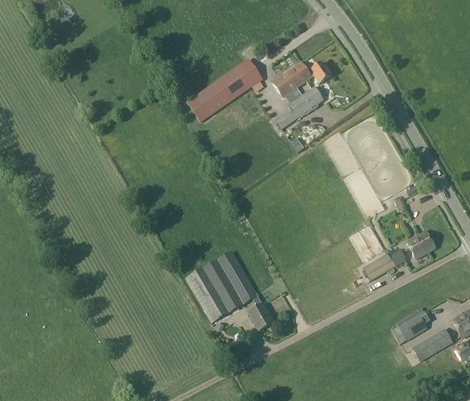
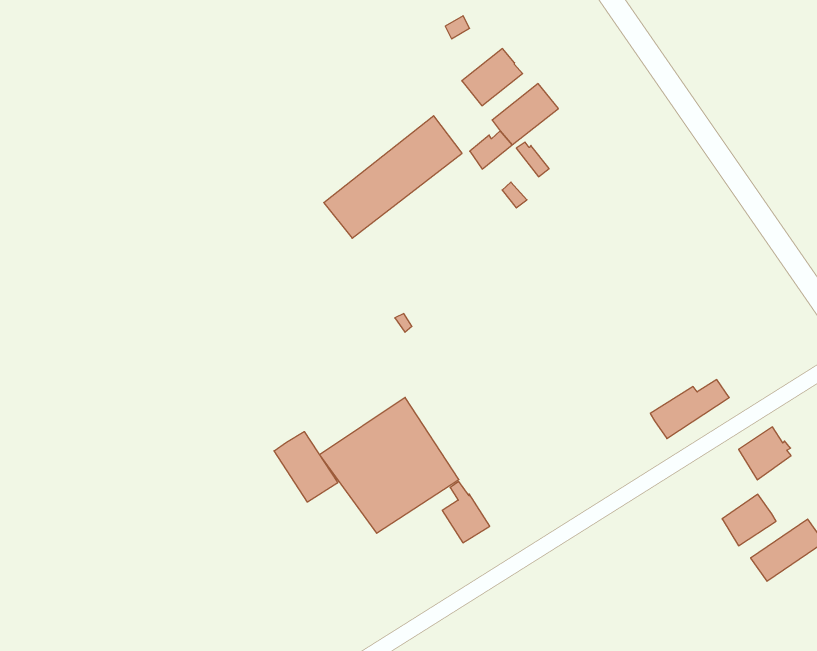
building: [186,58,262,121] -> [324,116,462,238]
building: [296,61,332,82] -> none
building: [407,230,435,258] -> [739,427,791,480]
building: none -> [274,432,338,502]

